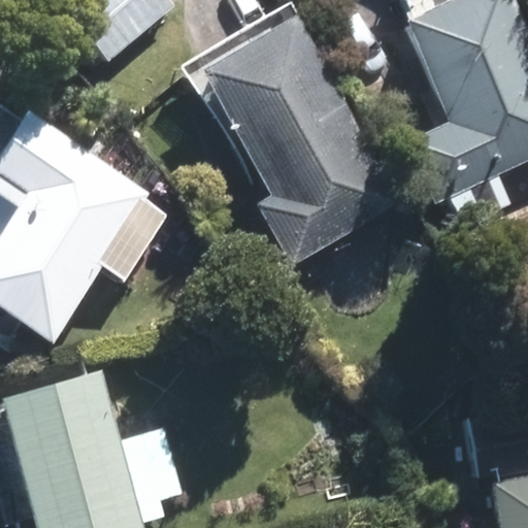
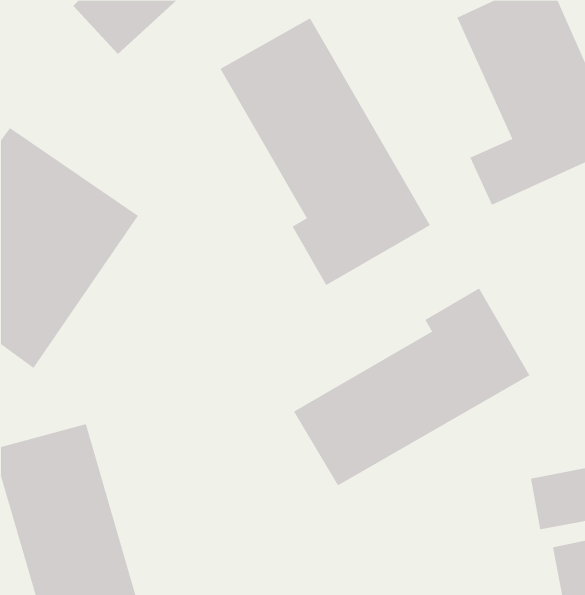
building: none -> [293,287,530,486]

